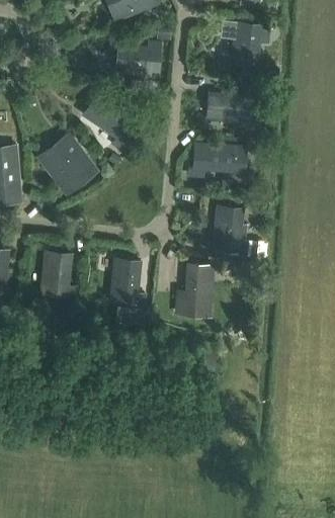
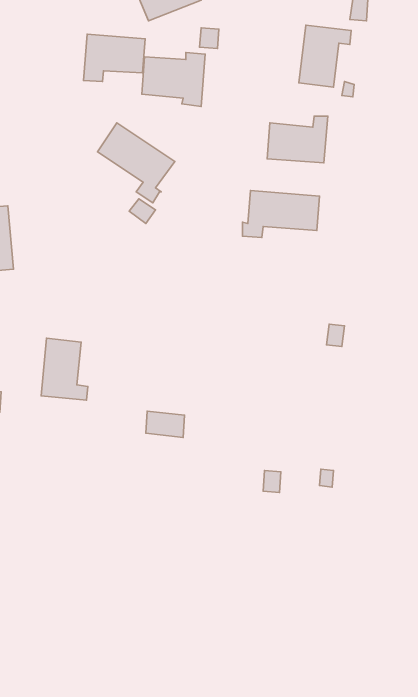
building: none -> [84,34,145,82]
building: [41,139,97,194] -> none
building: [214,206,248,252] -> none
building: [110,258,146,305] -> none
building: [176,264,214,315] -> none

